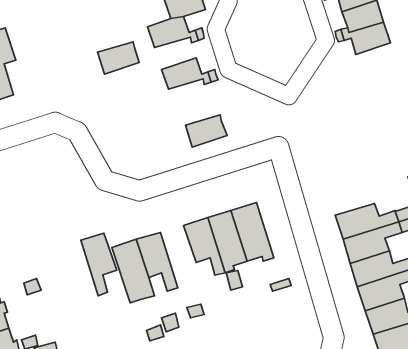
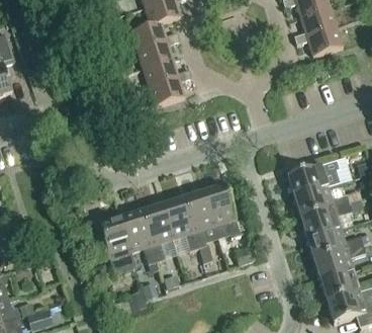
building: [97,42,139,74] -> [136,41,173,70]
building: [185,115,227,147] -> [149,78,185,106]
building: none -> [287,161,342,197]
building: [81,233,117,296] -> [142,206,173,261]

